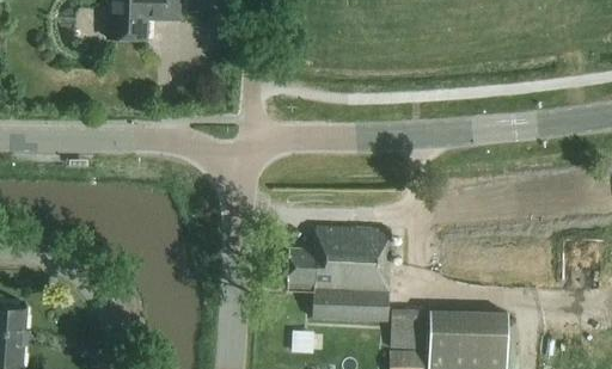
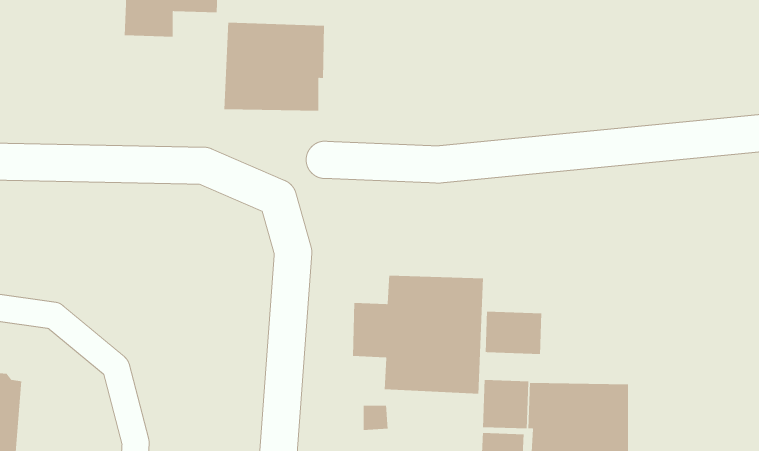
building: none -> [223,22,325,111]
building: none -> [485,311,542,355]

